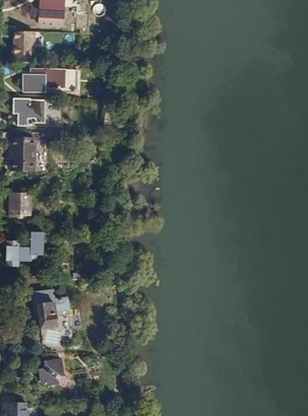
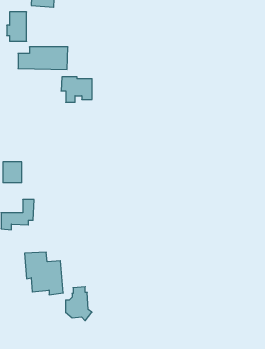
building: [11,97,45,125] -> [61,77,92,102]
building: [8,136,35,170] -> none
building: [37,352,65,389] -> [66,287,92,321]

